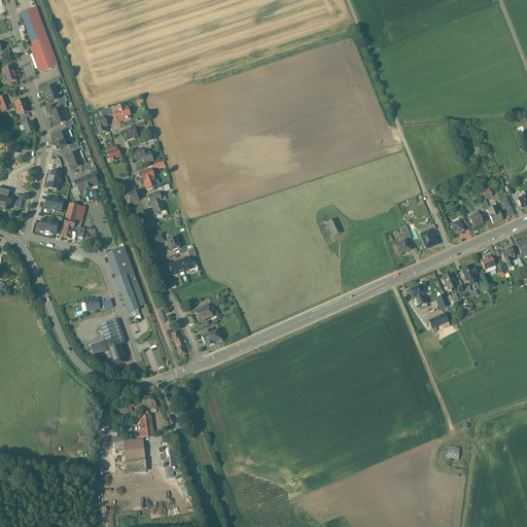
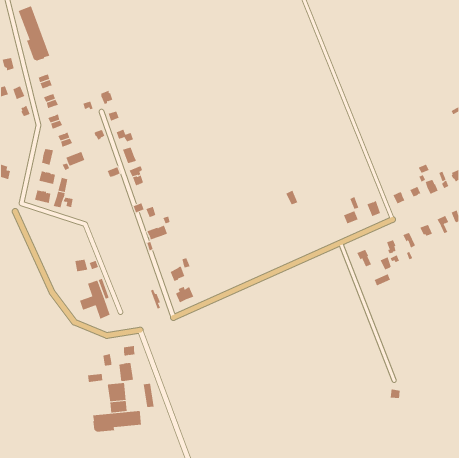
building: [107,245,146,316] -> none
building: none -> [93,410,142,432]

